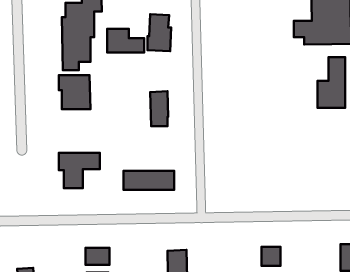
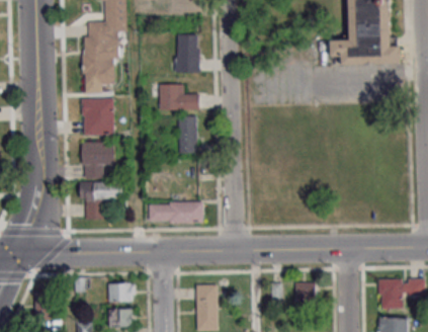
building: [107,29,144,52] -> [159,85,198,110]
building: [318,57,345,108] -> none
building: none -> [82,144,114,179]

